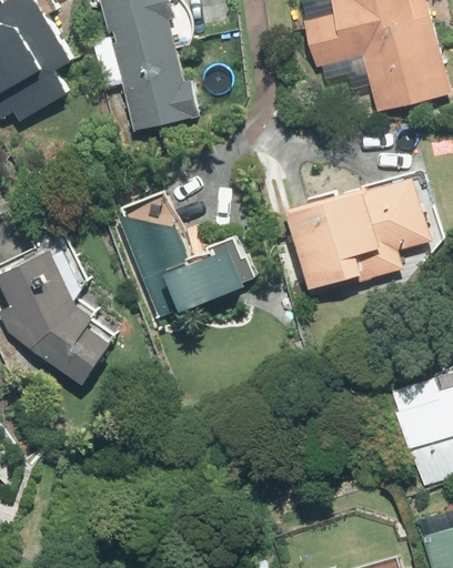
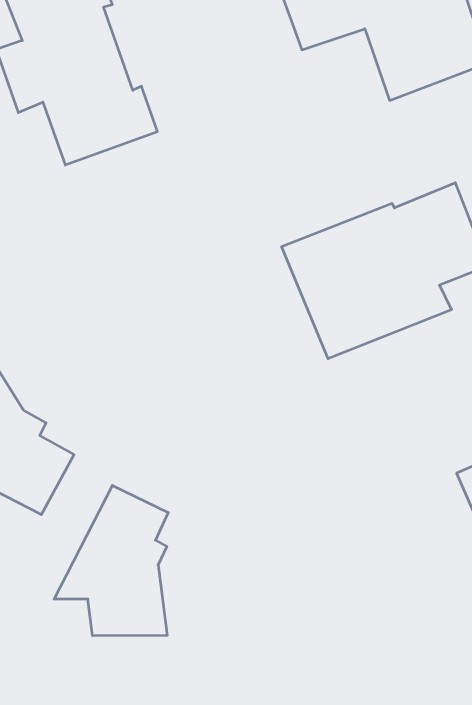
building: [118,191,253,316] -> none
building: none -> [54,485,168,636]

